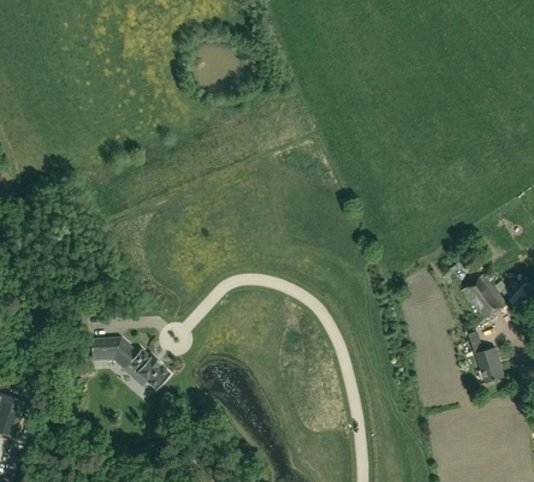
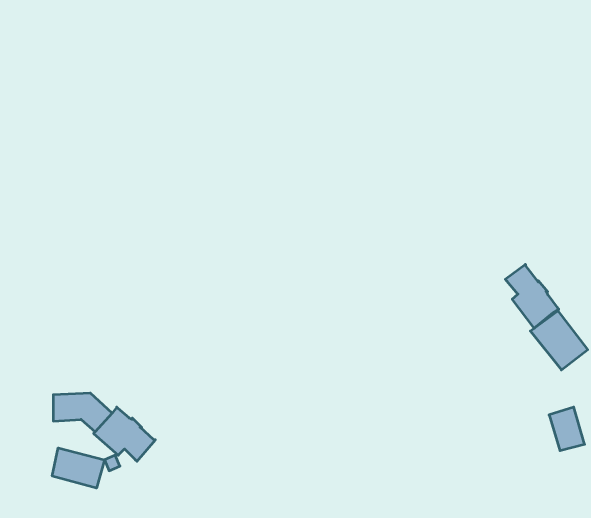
building: none -> [505,264,559,328]
building: none -> [52,448,104,488]

